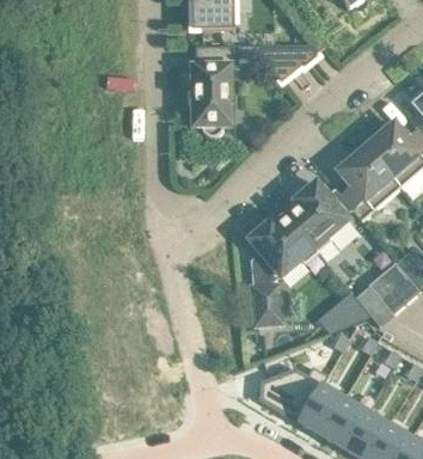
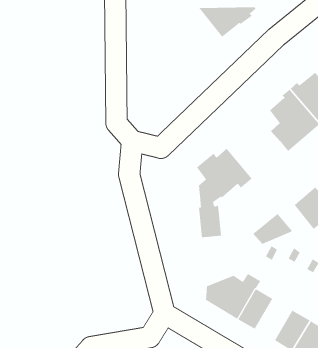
building: [190,44,238,135] -> none
building: [287,182,351,251] -> none
building: [321,397,366,447] -> none

